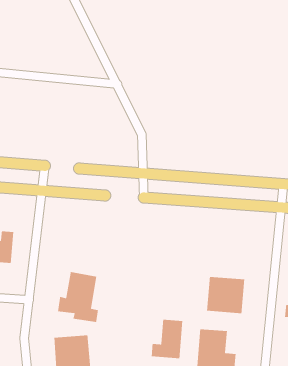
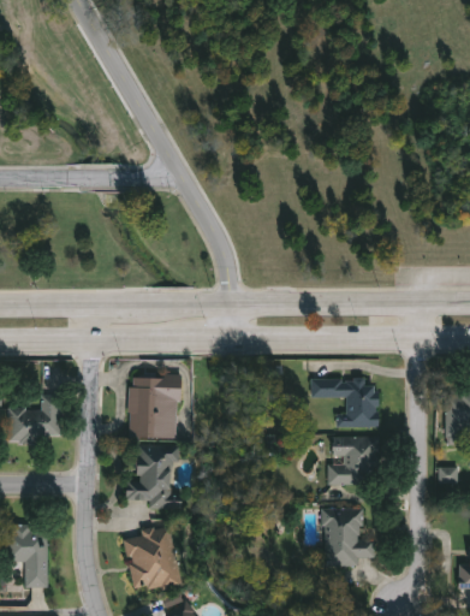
building: none -> [127,374,179,438]
building: none -> [311,378,379,426]
building: [151,319,183,359] -> none

